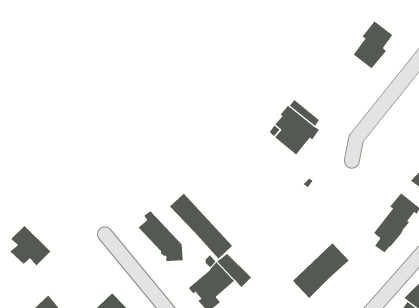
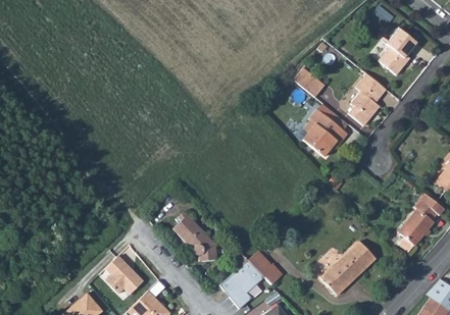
building: none -> [294,69,326,99]
building: none -> [349,73,387,126]
building: [169,193,233,259] -> none
building: [10,225,51,266] -> [104,255,144,295]

